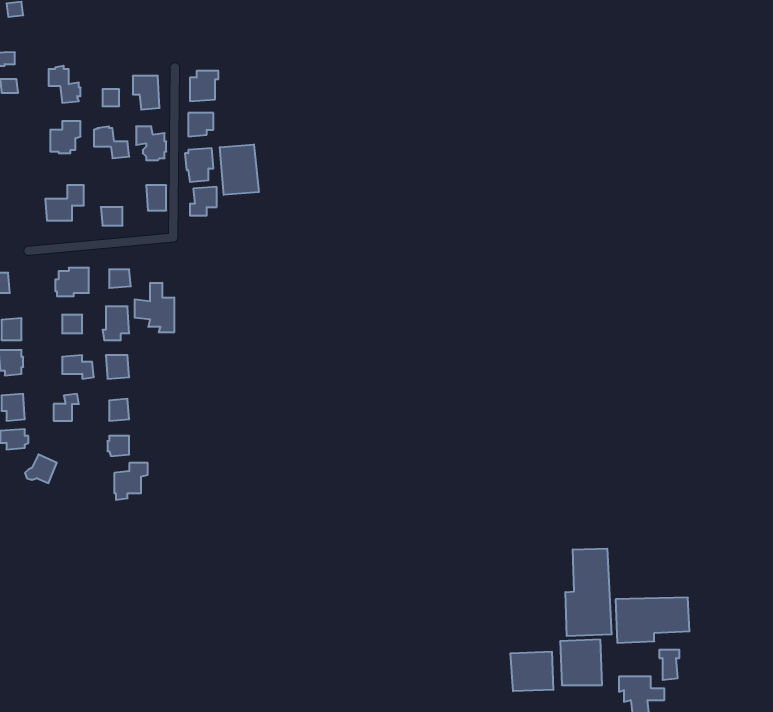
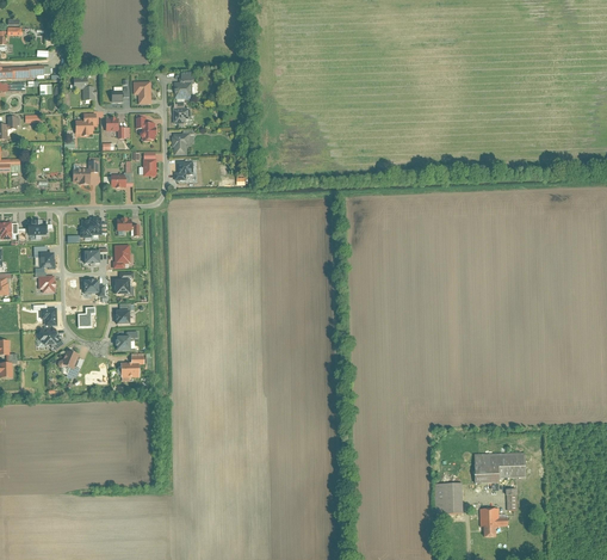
building: [220,144,259,195] -> none
building: [135,283,174,332] -> none
building: [565,549,612,636] -> none
building: [510,652,553,691] -> none

